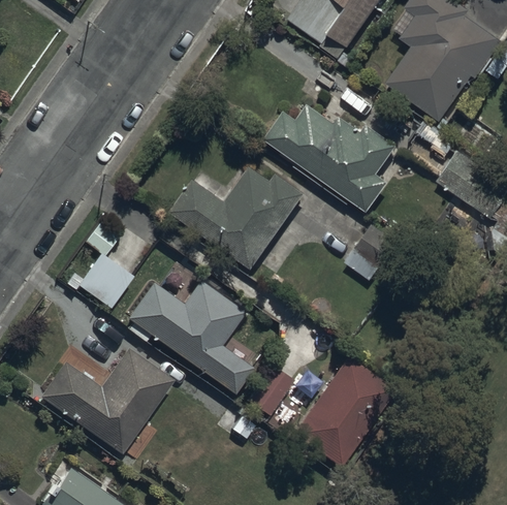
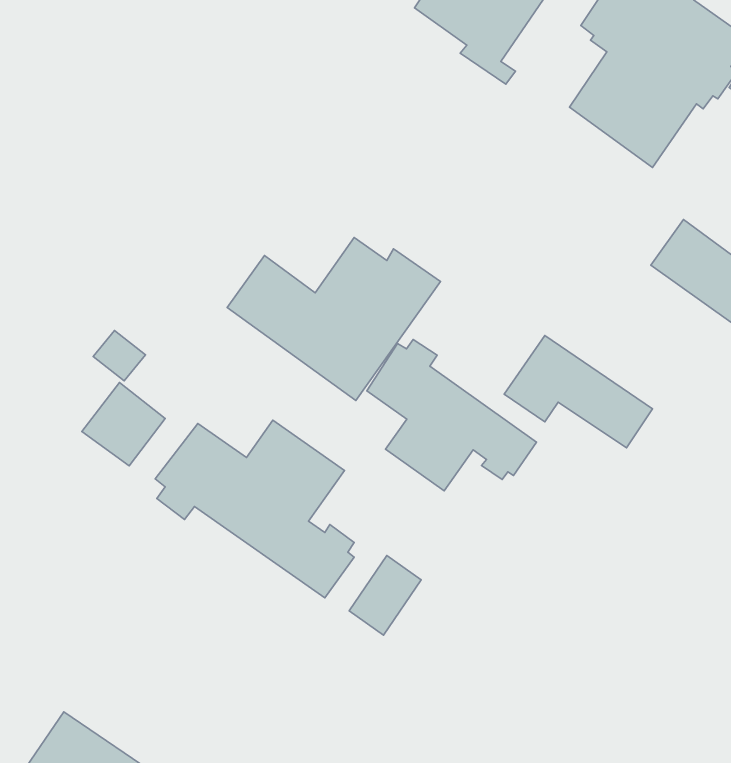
building: [264,102,398,211] -> none
building: none -> [367,340,537,491]
building: [39,347,175,455] -> none
building: [293,357,394,469] -> none

